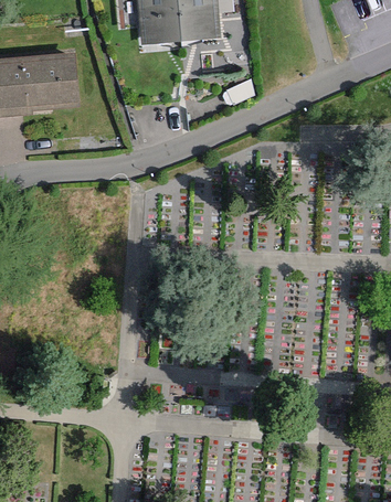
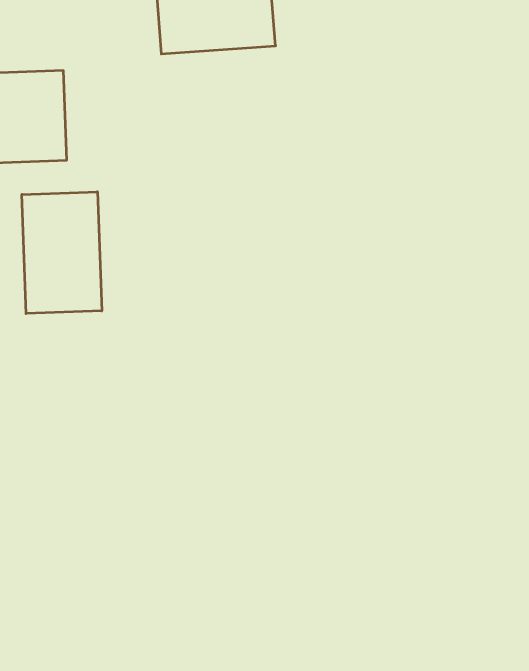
building: none -> [22,192,102,314]

